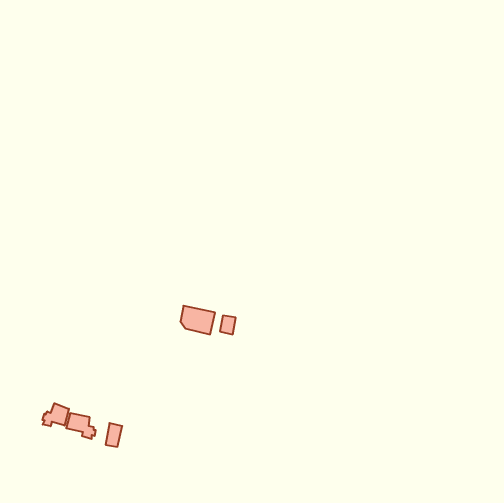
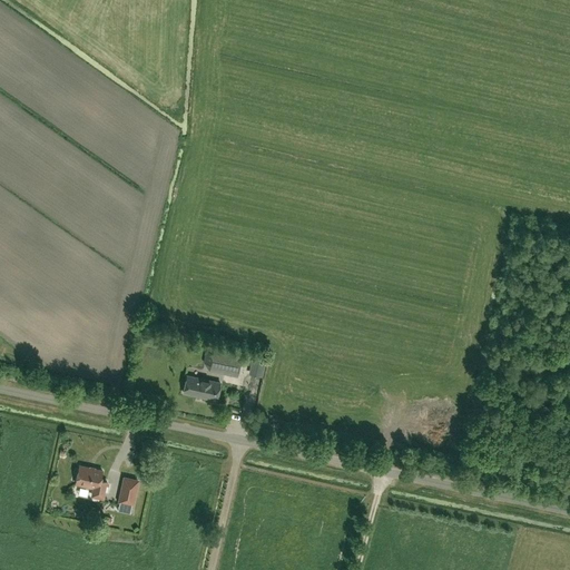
building: none -> [183,377,220,402]
building: [42,403,69,426] -> none

